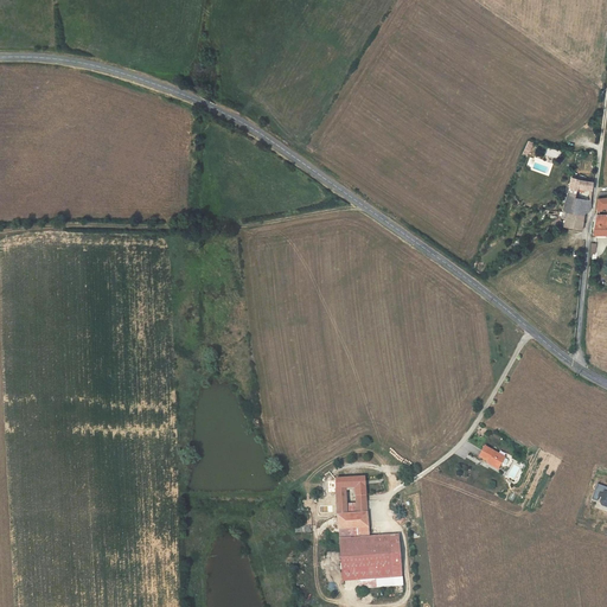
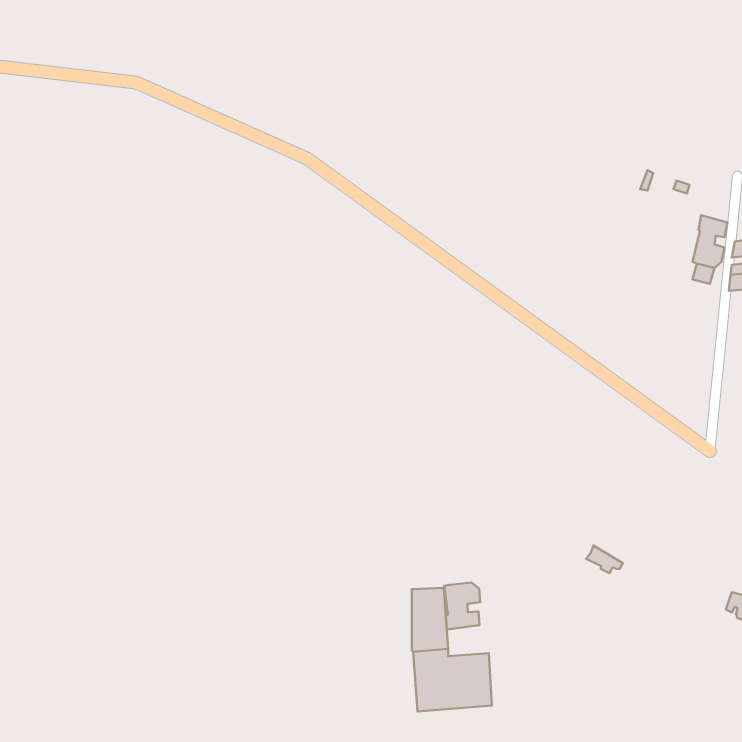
building: none -> [444,583,480,629]

